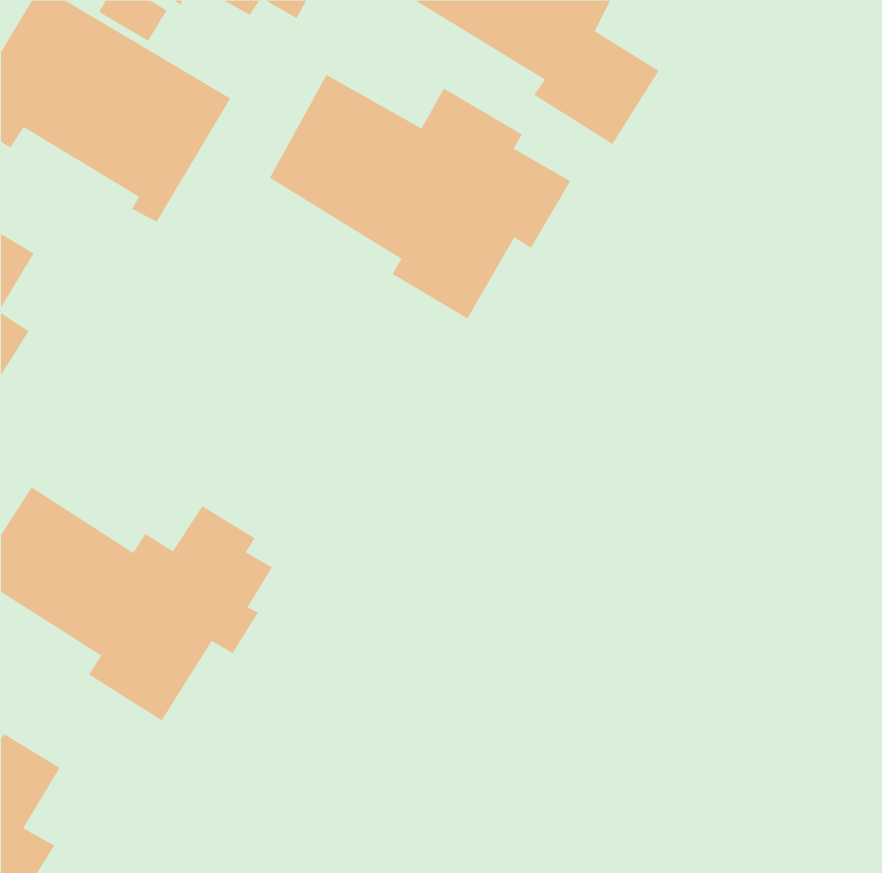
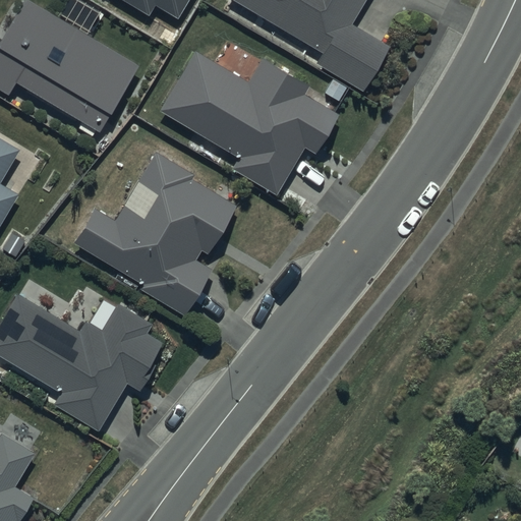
building: none -> [72,152,235,314]

